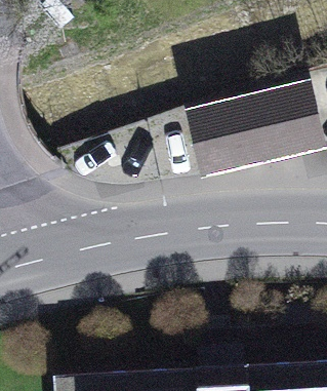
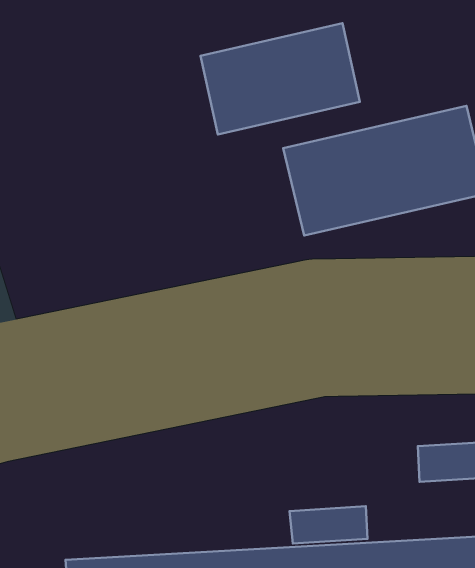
building: none -> [201,23,360,135]

